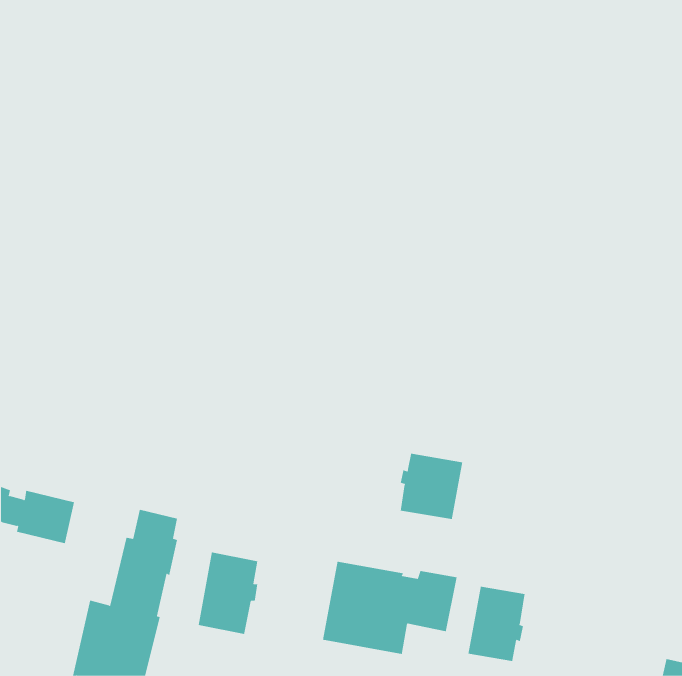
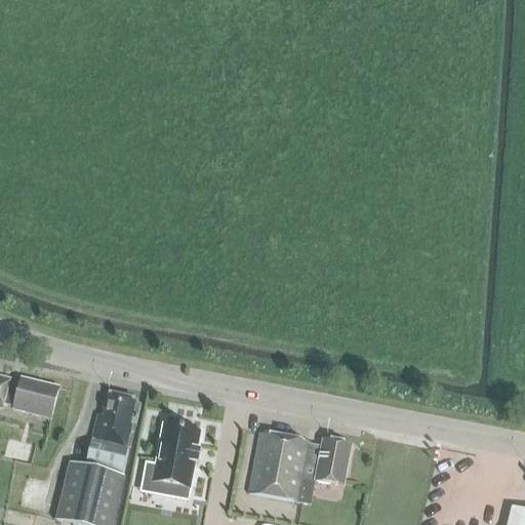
building: [400,453,463,520] -> none
building: [468,586,525,662] -> none

